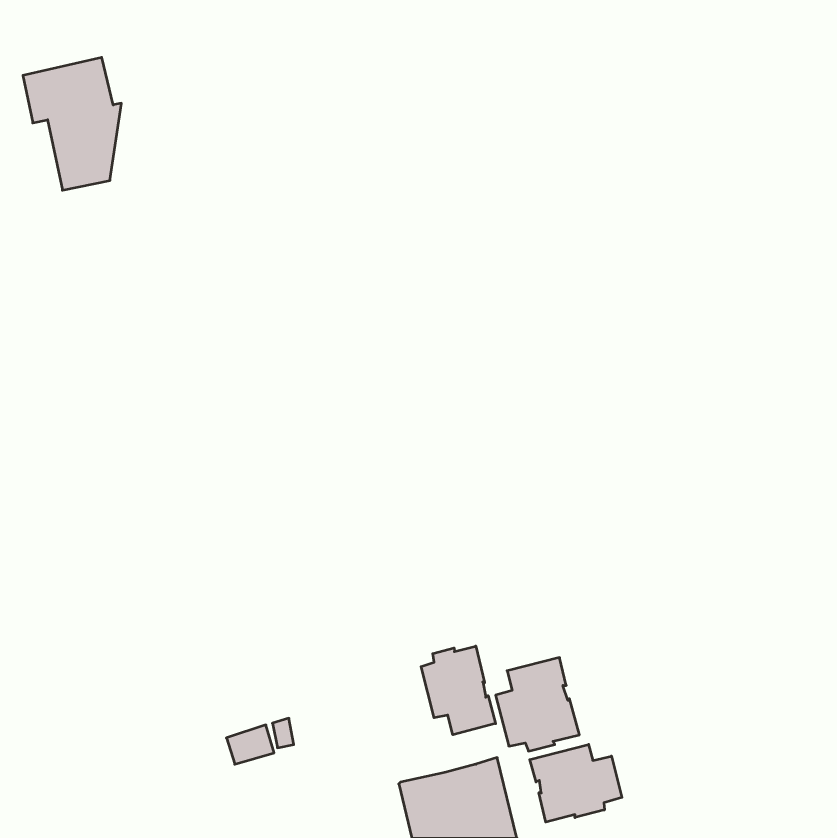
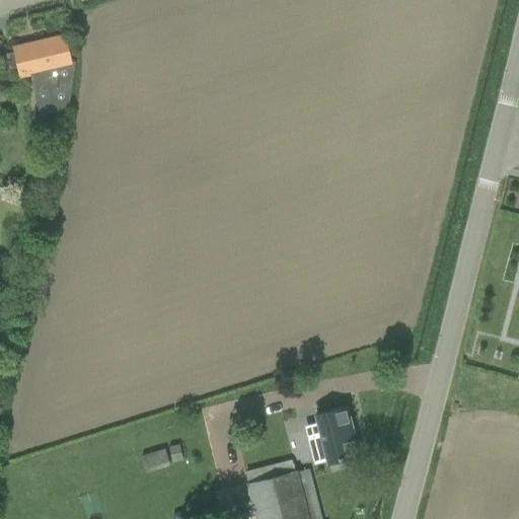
building: [421,646,496,735] -> none
building: [530,744,622,822] -> none

